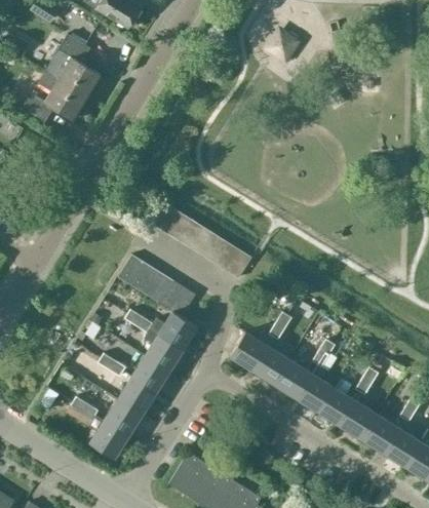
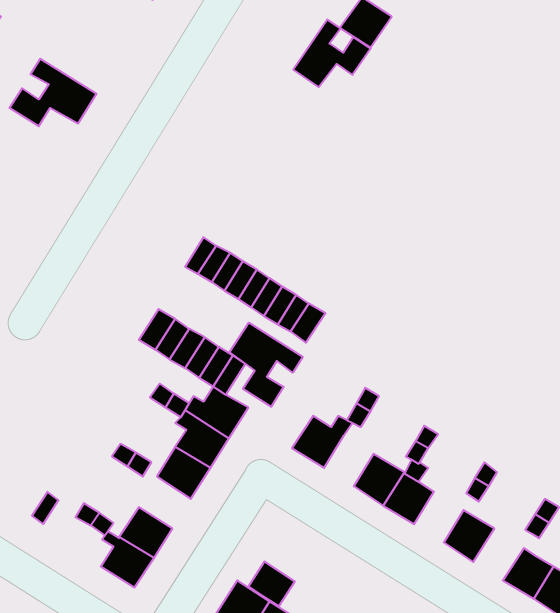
building: [46,35,102,97] -> none
building: none -> [293,19,371,87]
building: none -> [230,323,303,407]
building: [254,347,289,384] -> none
building: [118,377,156,415] -> none
building: [319,388,355,425] -> none
building: [362,415,399,453] -> none
building: none -> [248,561,295,606]

